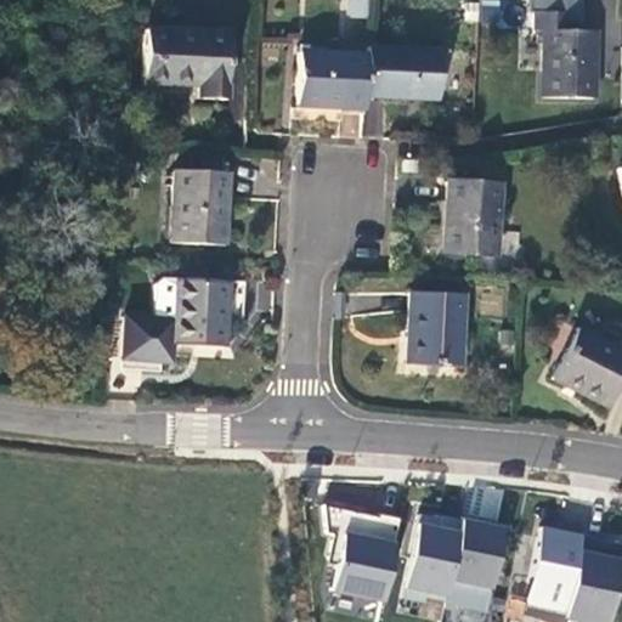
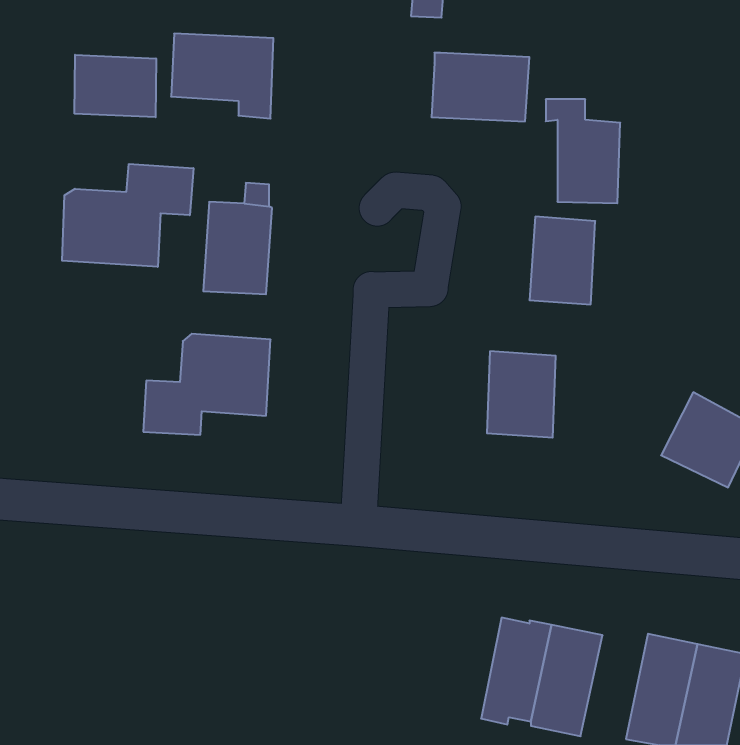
building: [538,12,600,98] -> [546,99,620,203]
building: none -> [75,55,156,117]
building: [294,47,367,111] -> none
building: none -> [62,164,193,267]
building: [328,503,403,599] -> none

